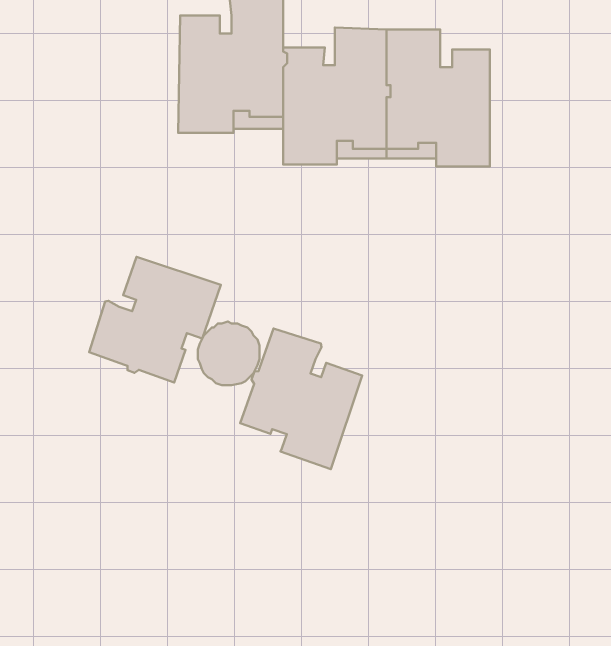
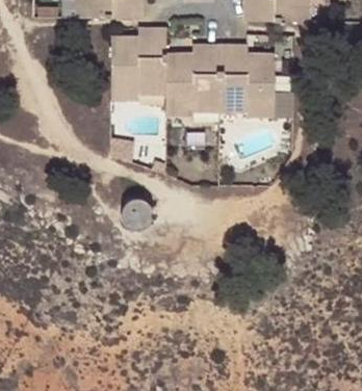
building: [89,257,221,383] -> none
building: [240,329,362,469] -> none

